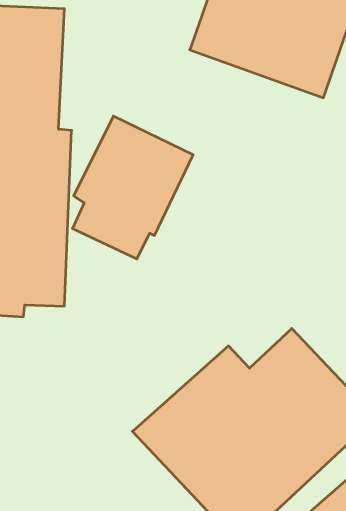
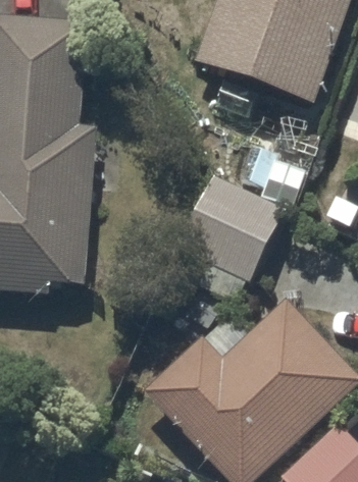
building: [72,116,193,259] -> [175,176,280,301]

